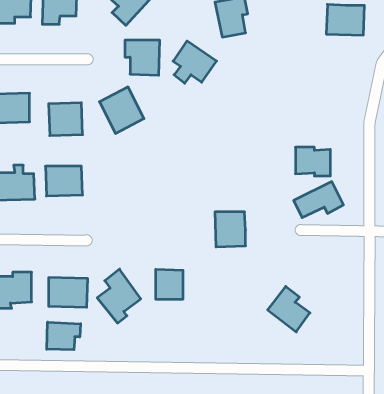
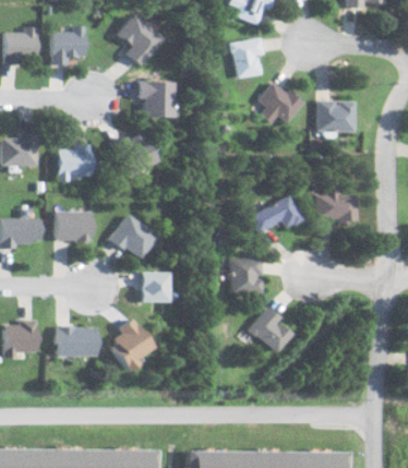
building: [326,4,364,35] -> [314,100,353,132]
building: [173,41,217,83] -> [257,81,302,124]
building: none -> [108,214,156,260]
building: [294,182,343,218] -> [248,196,299,233]
building: [156,269,183,299] -> [139,272,167,302]
building: [268,286,310,332] -> [245,307,289,353]
building: [47,322,81,350] -> none

